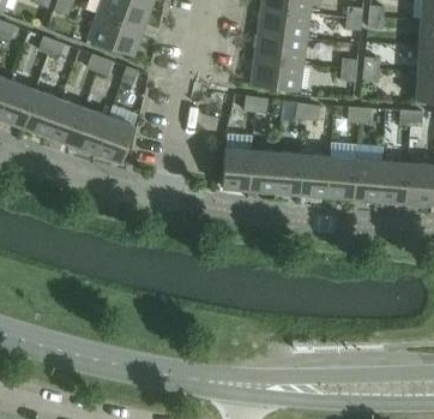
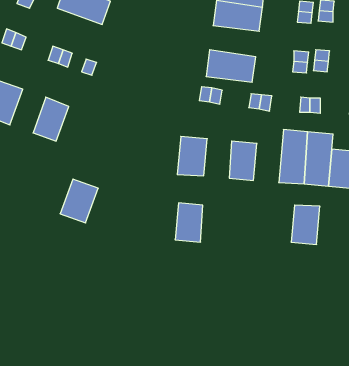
building: [88,14,143,56] -> none
building: [254,32,306,65] -> none
building: [47,98,84,144] -> none
building: [95,116,134,162] -> [60,179,98,223]
building: [248,150,277,191] -> [175,203,203,242]
building: [300,155,330,196] -> [291,205,320,244]

